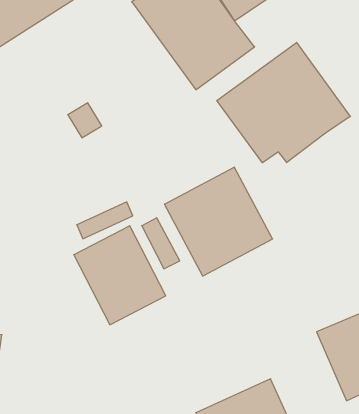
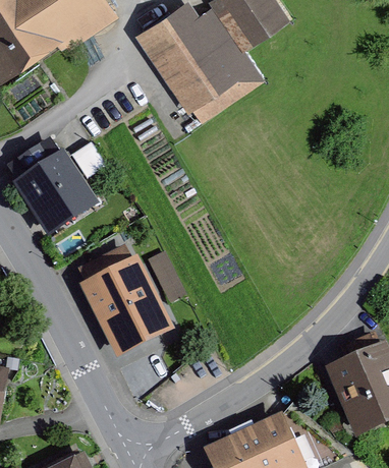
building: [217,42,350,163] -> none
building: none -> [10,151,96,237]
building: [164,167,273,276] -> none

